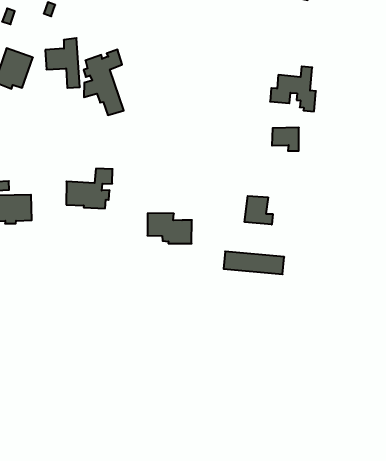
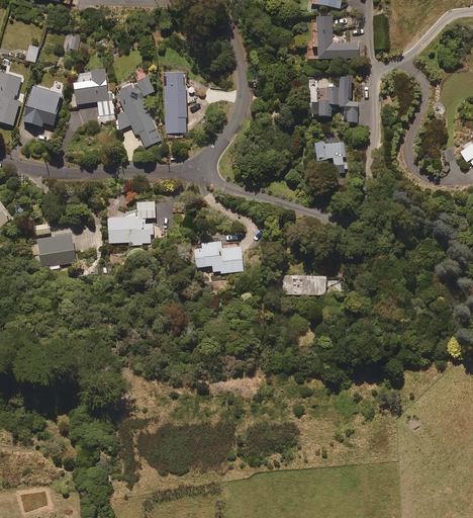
building: none -> [310,17,358,60]
building: none -> [164,72,186,133]
building: [245,196,273,225] -> none

